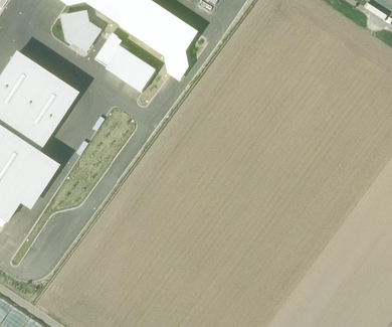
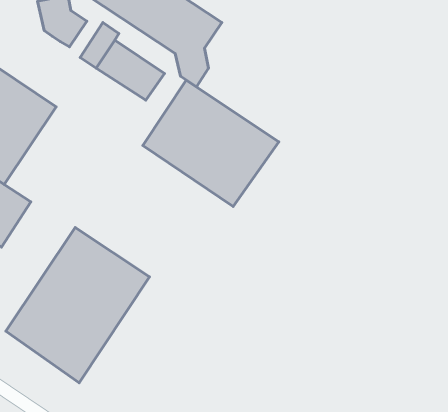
building: none -> [143,80,279,206]
building: none -> [6,227,149,383]

